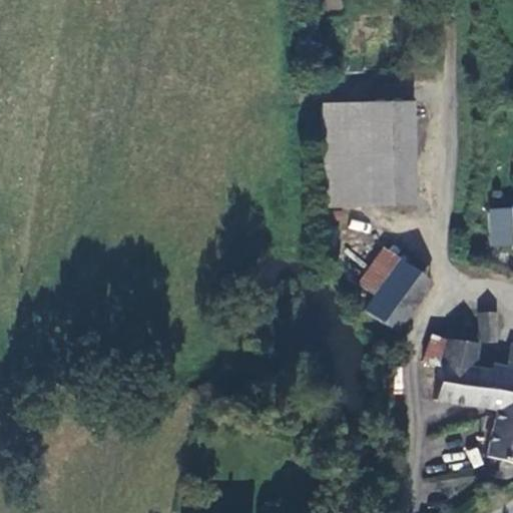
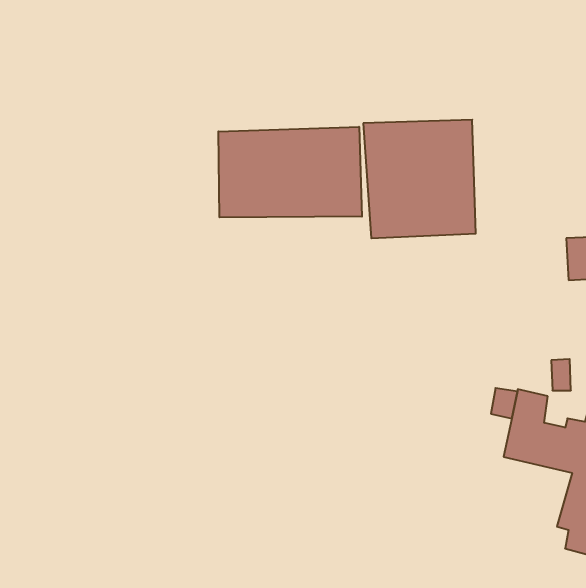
building: none -> [218,127,362,217]
building: [354,249,433,330] -> none

